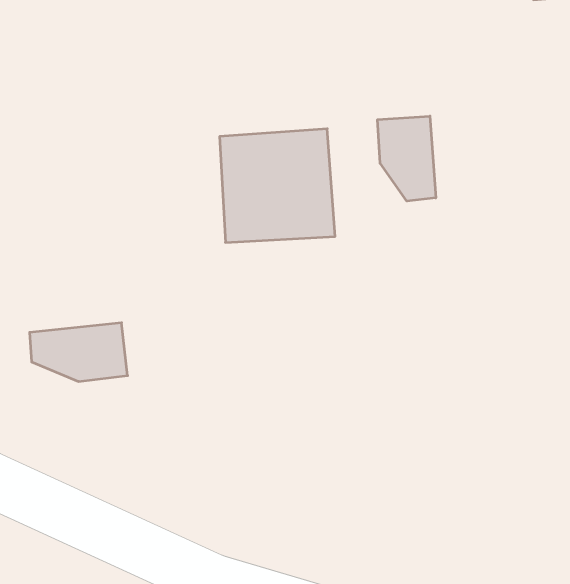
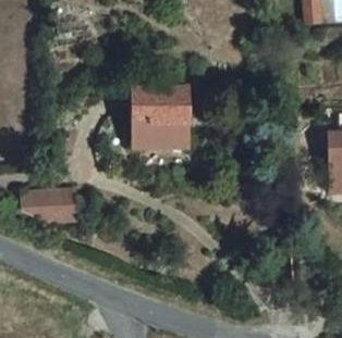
building: [378,116,436,201] -> none

